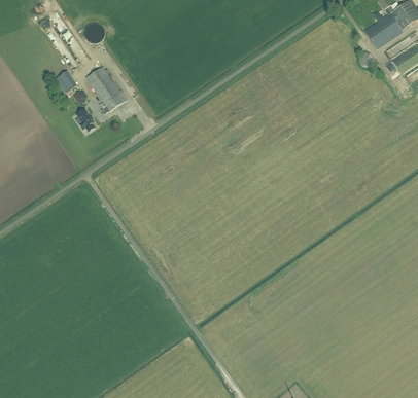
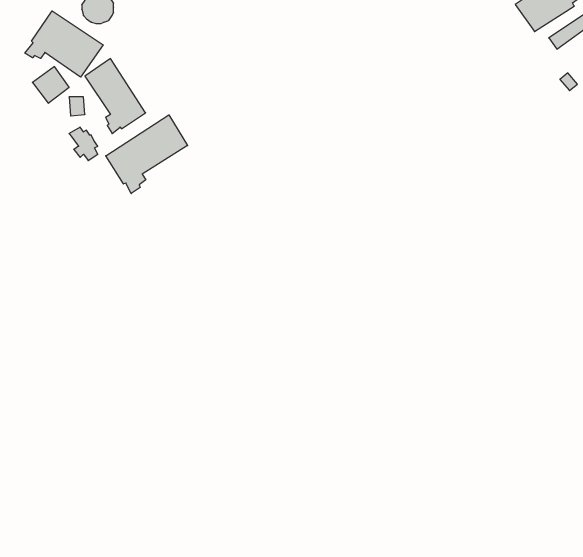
building: none -> [25,11,103,77]
building: none -> [106,115,188,194]

